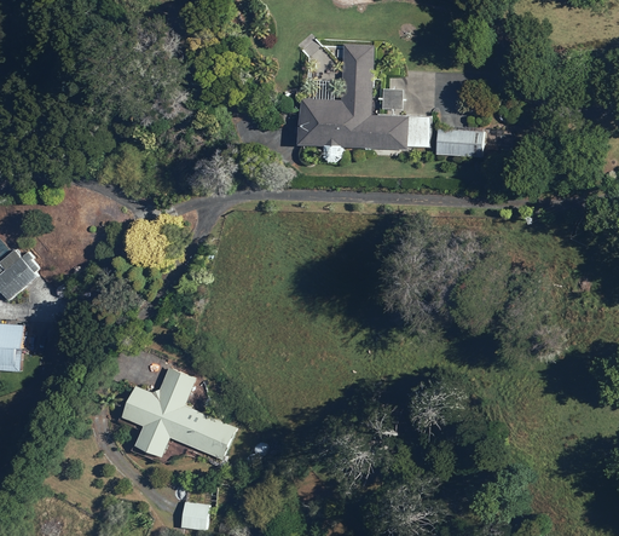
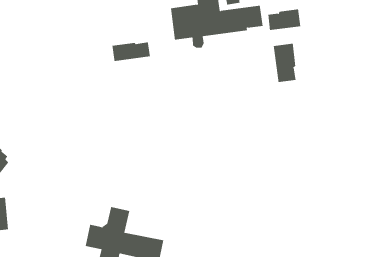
building: none -> [112,42,150,62]
building: none -> [273,43,296,83]

